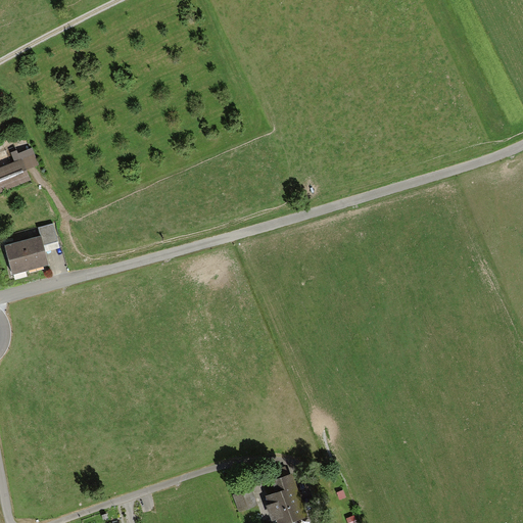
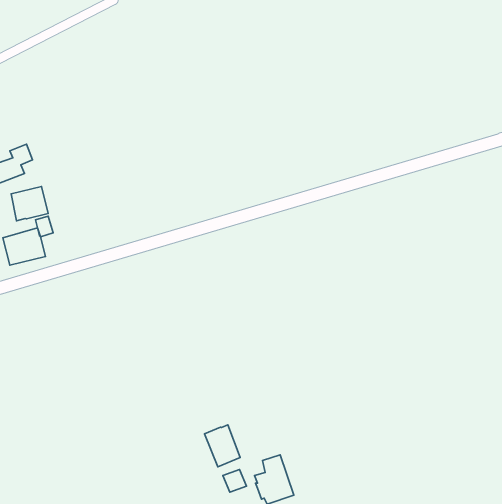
building: none -> [11,186,48,221]
building: none -> [204,425,240,467]

